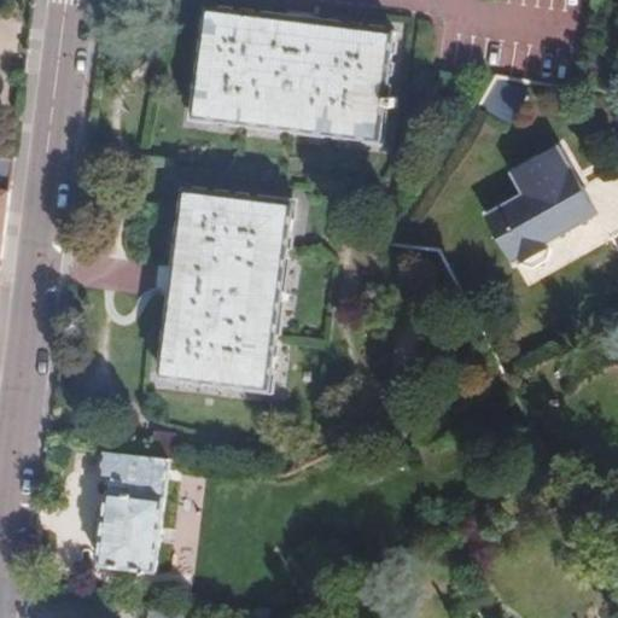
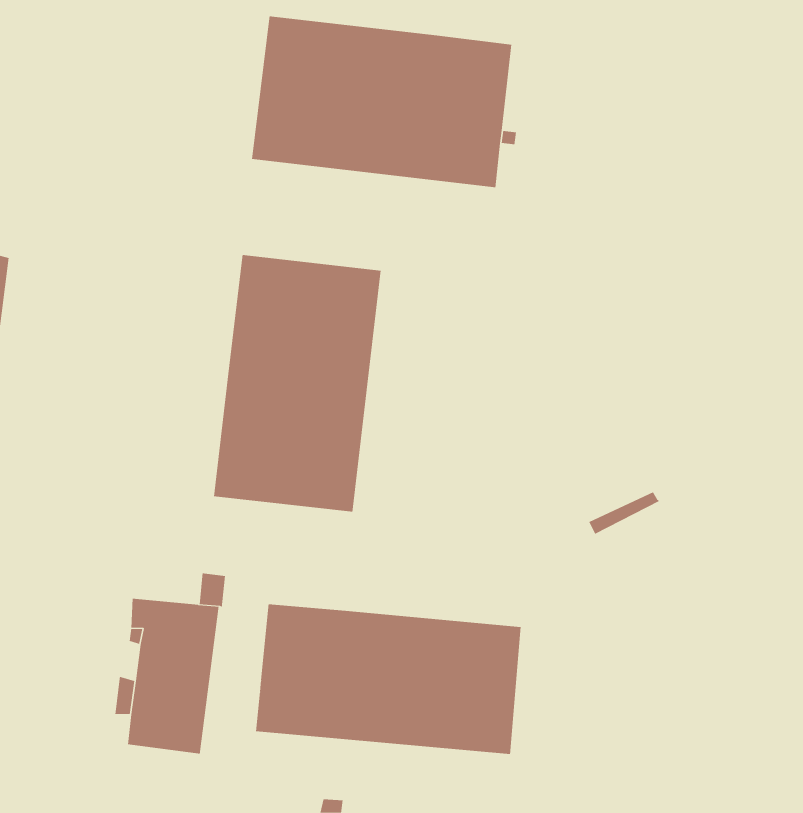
building: [474,144,585,258] -> none
building: none -> [256,604,521,755]

